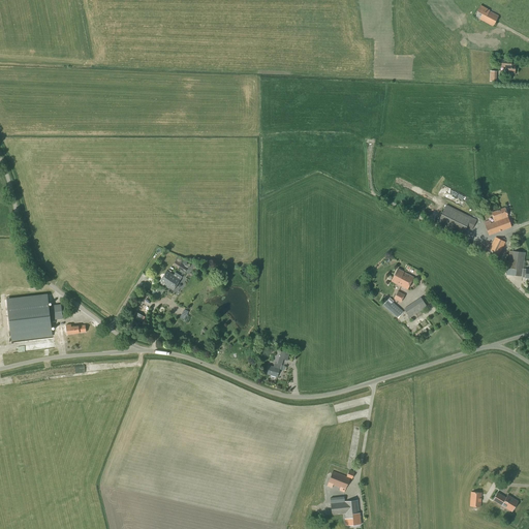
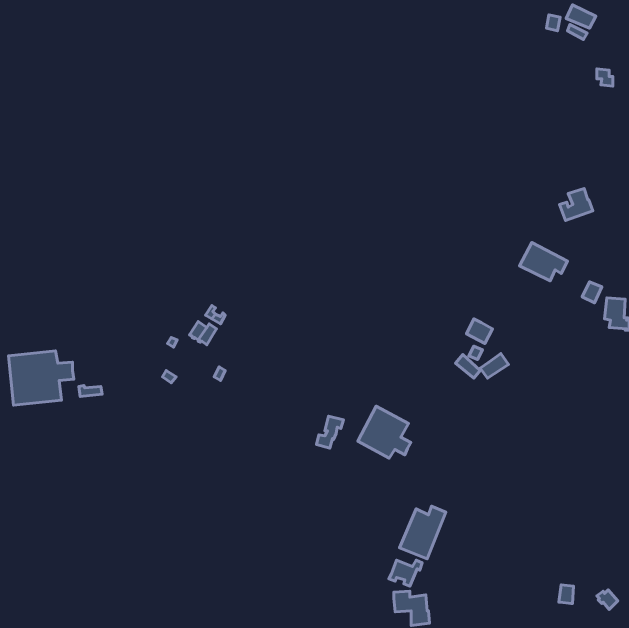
building: [484,208,511,235] -> [559,189,593,221]
building: none -> [358,406,411,458]
building: none -> [399,506,446,559]

